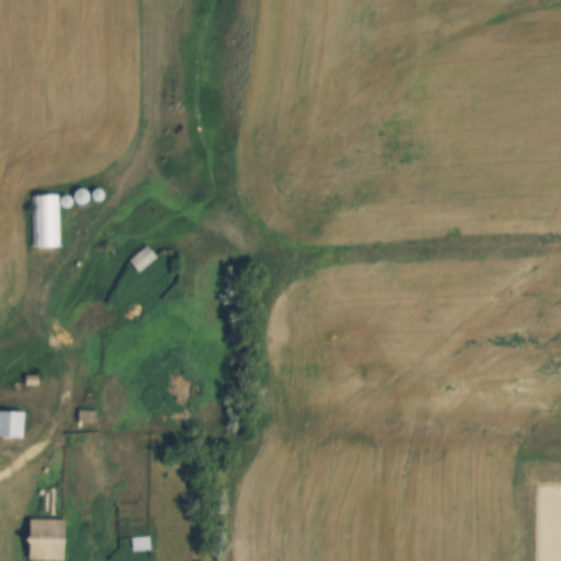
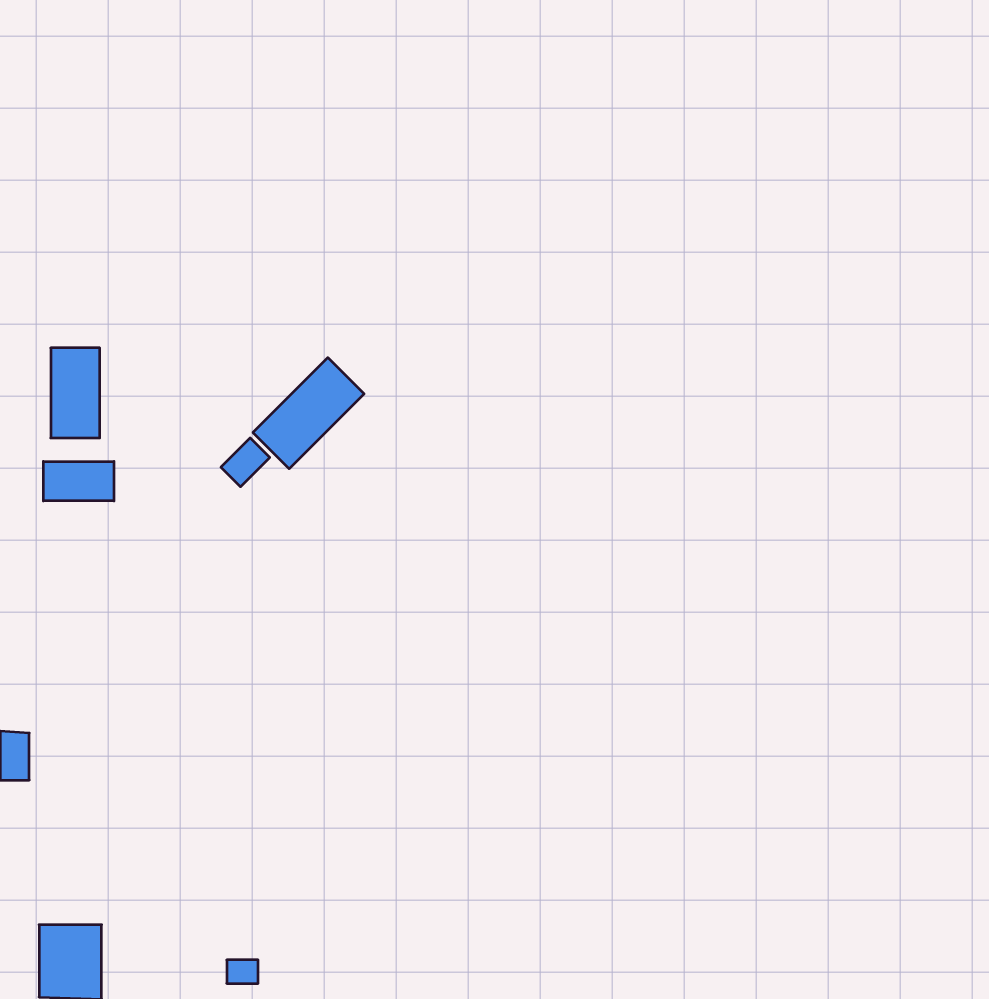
building: none -> [253,358,364,469]
building: none -> [43,461,114,501]

